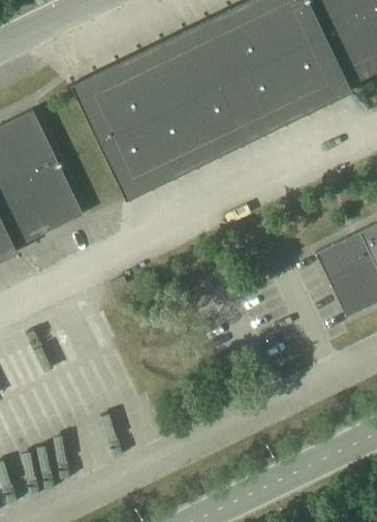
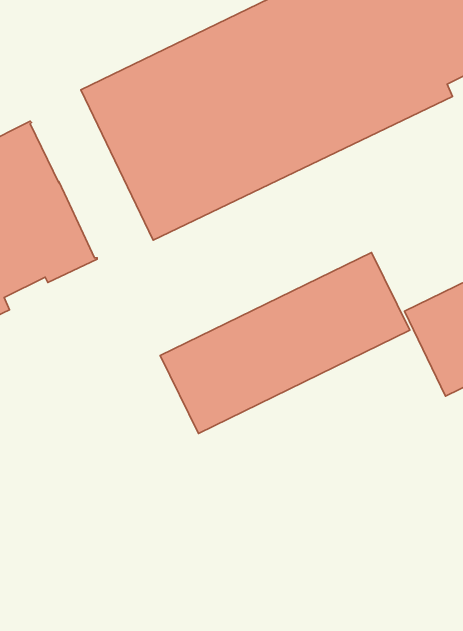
building: none -> [160,252,410,433]

